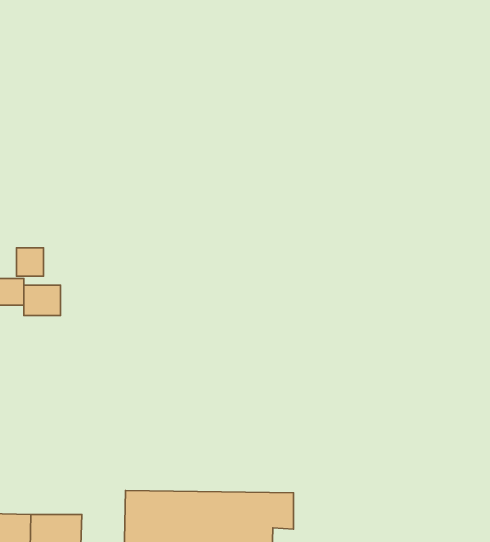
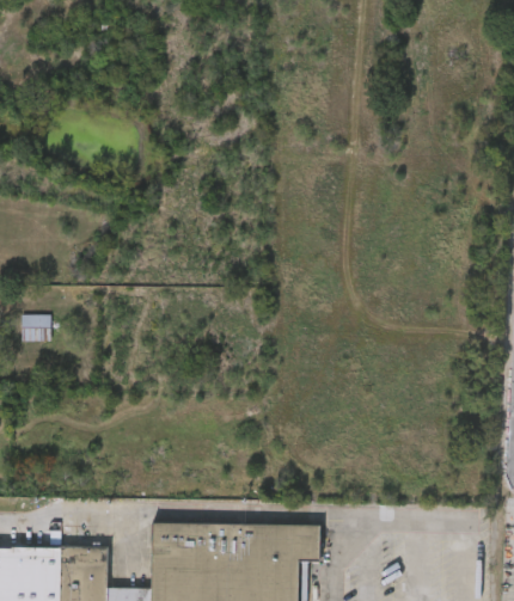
building: [16,248,43,276] -> none
building: [24,285,60,316] -> none

